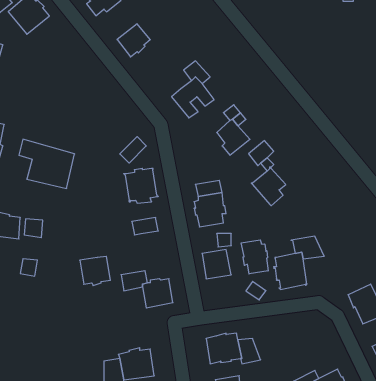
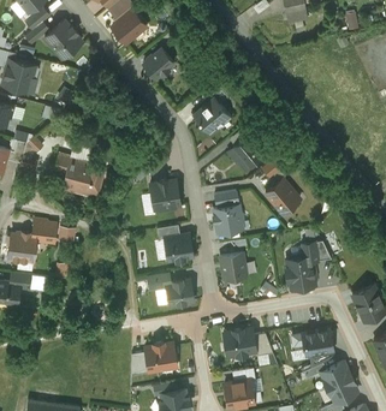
building: [241,240,268,274] -> none
building: [80,256,110,286] -> [165,234,192,261]
building: none -> [292,328,333,355]

